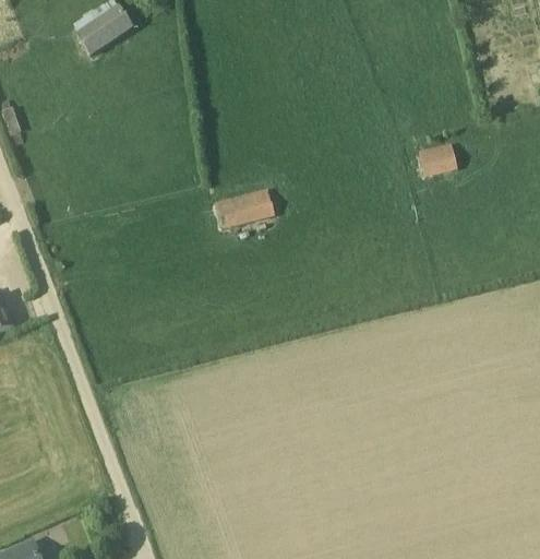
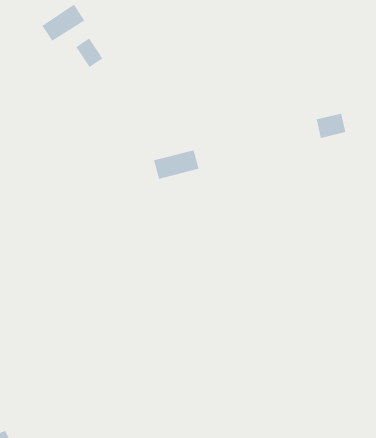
building: none -> [76,38,103,68]

